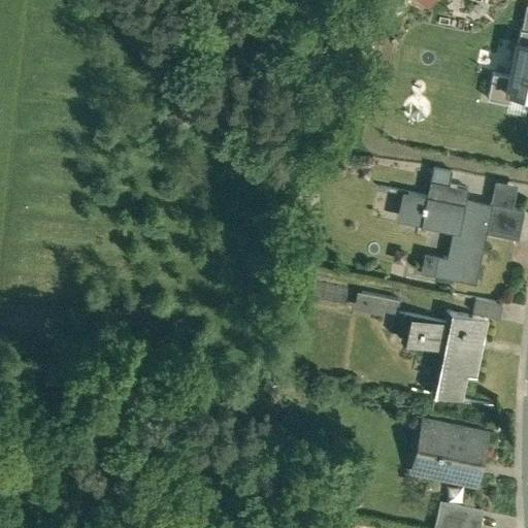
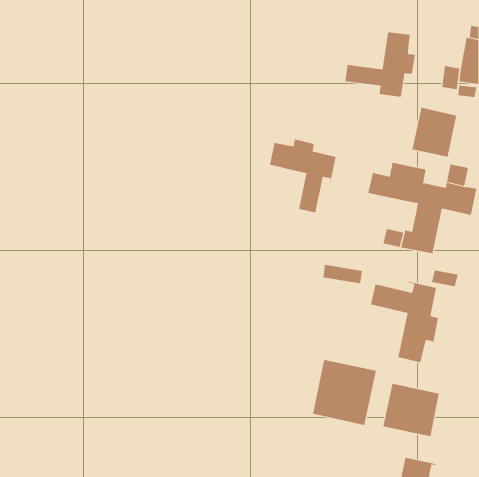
building: none -> [345,32,415,97]
building: none -> [412,107,457,157]
building: none -> [269,138,336,213]
building: none -> [312,359,376,426]

